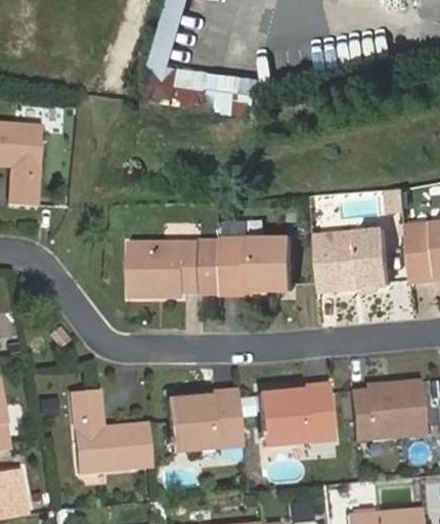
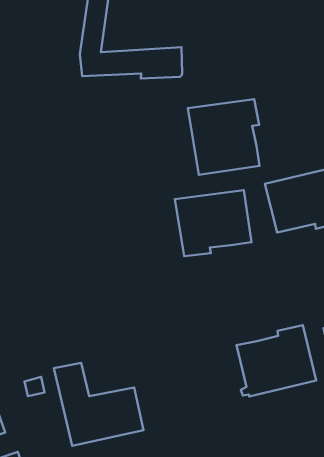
building: none -> [188,99,259,175]
building: [129,241,201,299] -> none
building: [171,386,245,451] -> none

